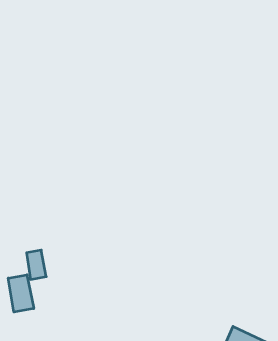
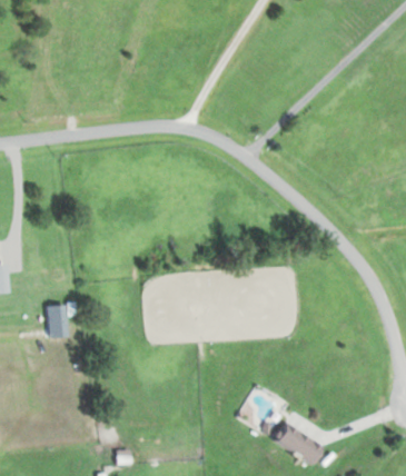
building: [8,275,34,312] -> none

